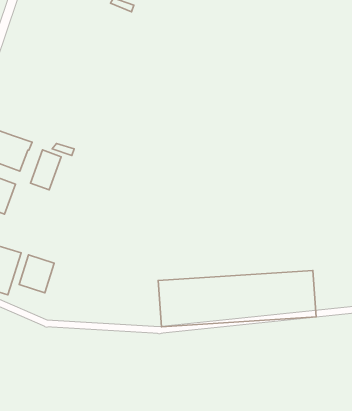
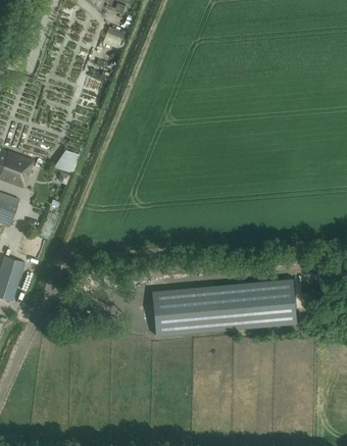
building: [30,150,61,190] -> none
building: [19,255,54,293] -> none

